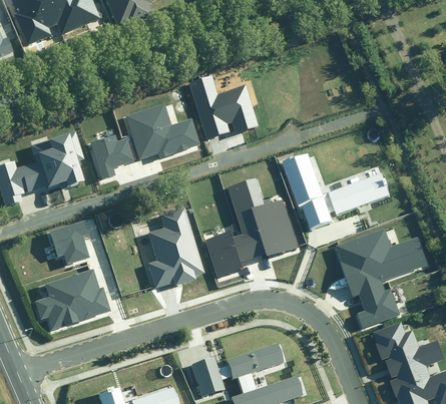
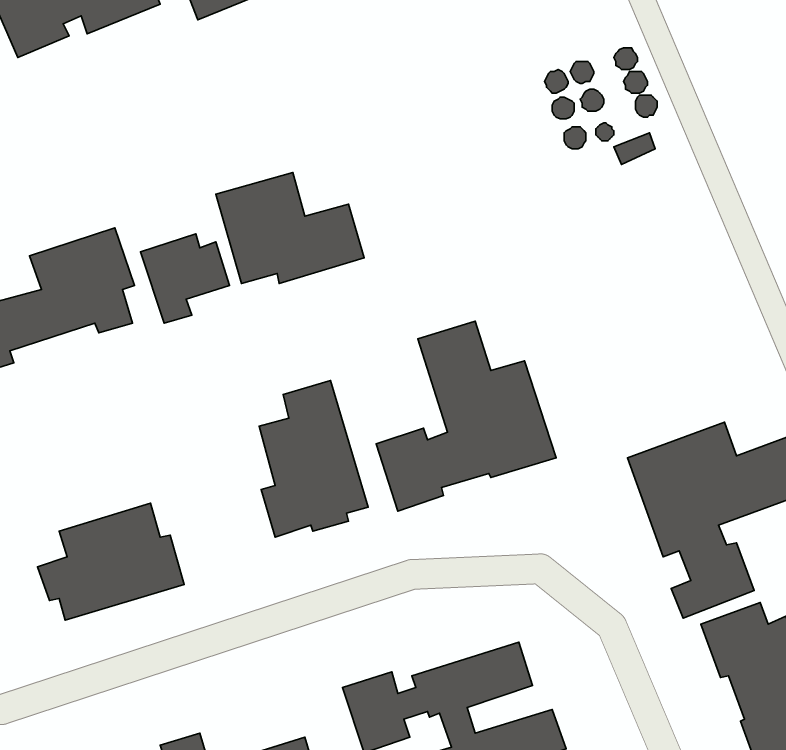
building: [187,76,256,140] -> none
building: [280,150,387,228] -> none
building: [49,222,89,264] -> none

